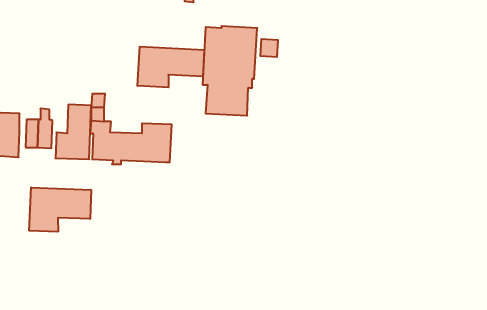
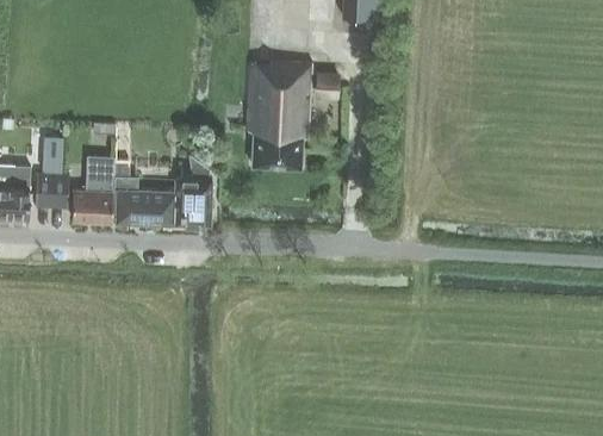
building: [137,47,204,87] -> none
building: [29,187,91,232] -> none

